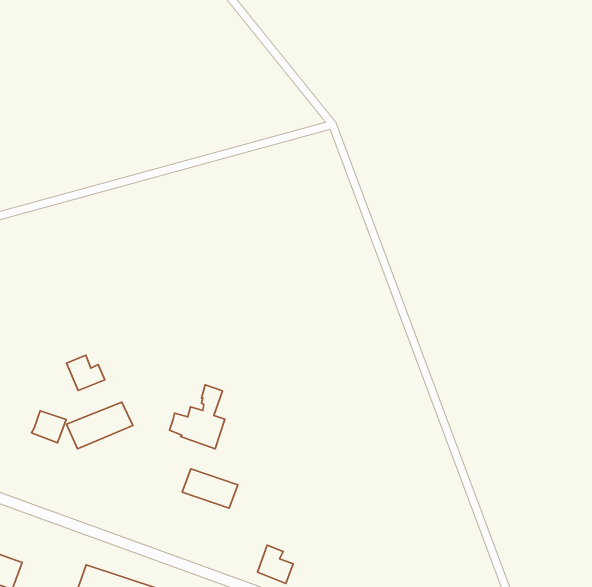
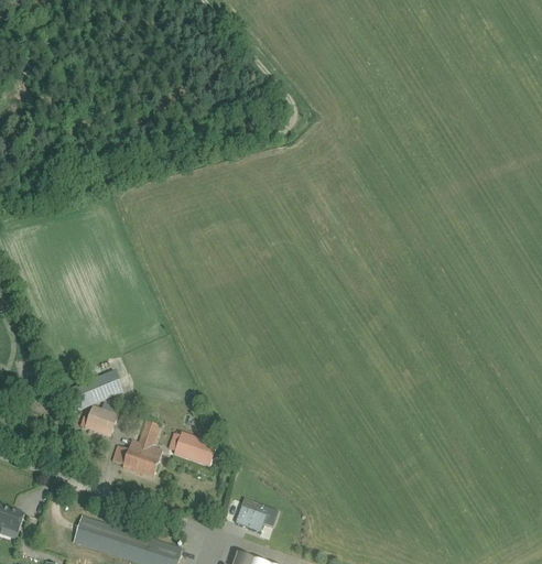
building: [67,355,105,390] -> none
building: [169,385,225,449] -> [112,420,162,477]
building: [32,411,66,443] -> [86,409,117,437]

